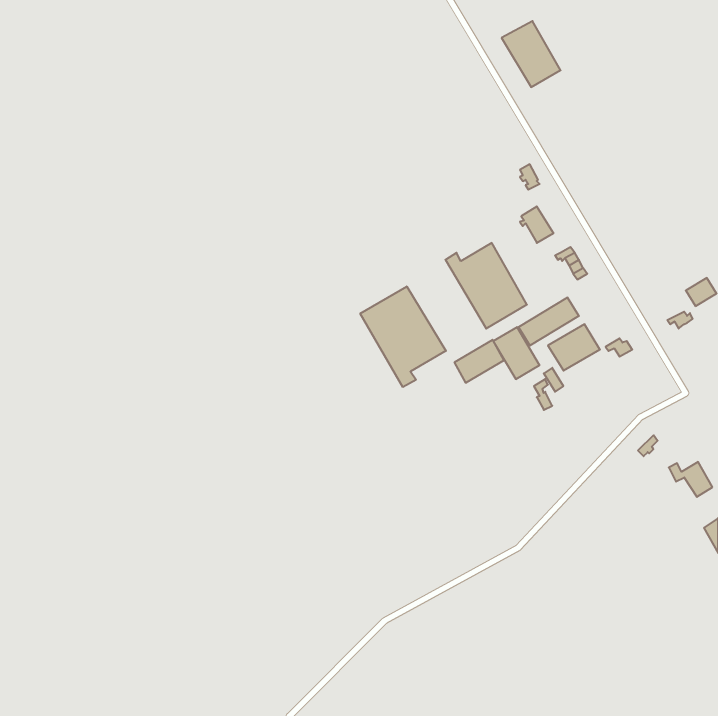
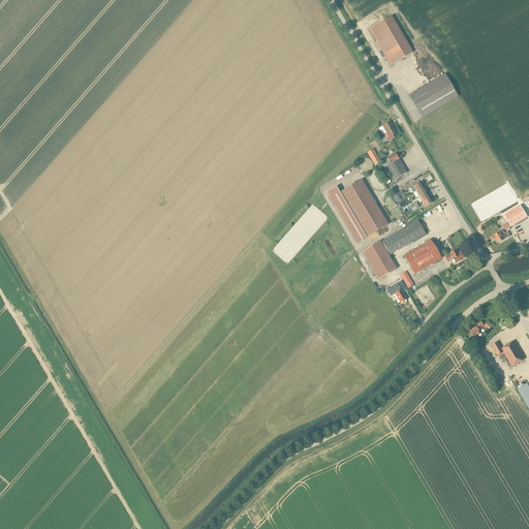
building: none -> [409,73,458,117]
building: [360,286,446,387] -> none
building: [455,340,504,383] -> none

